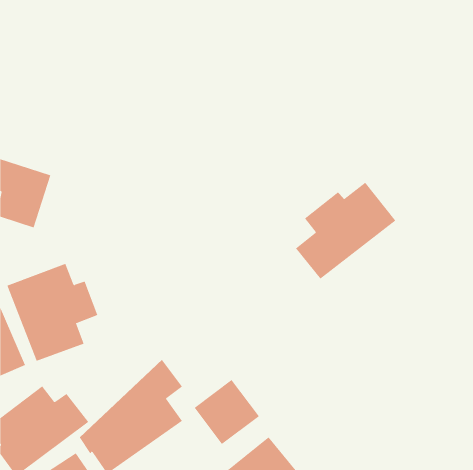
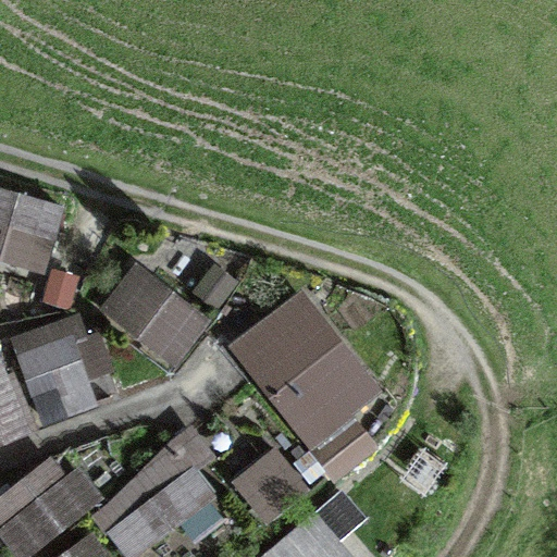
building: [295,182,396,279] -> none
building: none -> [99,267,207,369]
building: none -> [228,287,384,448]

